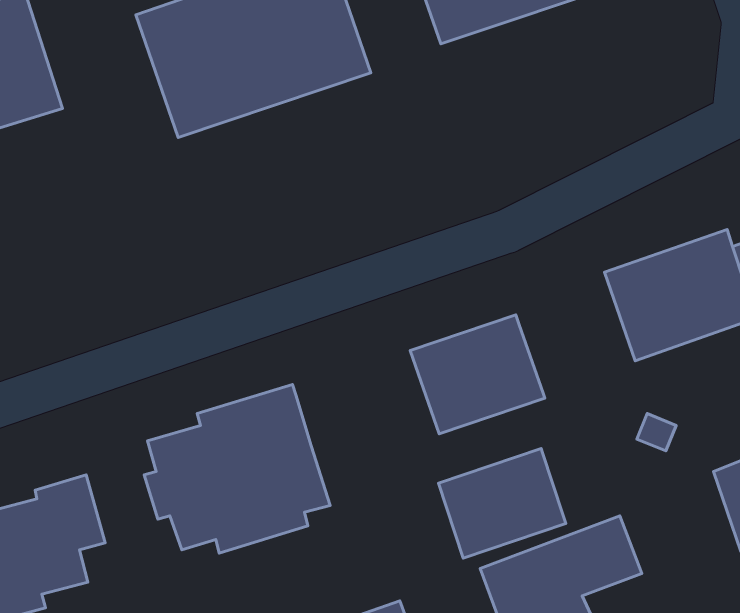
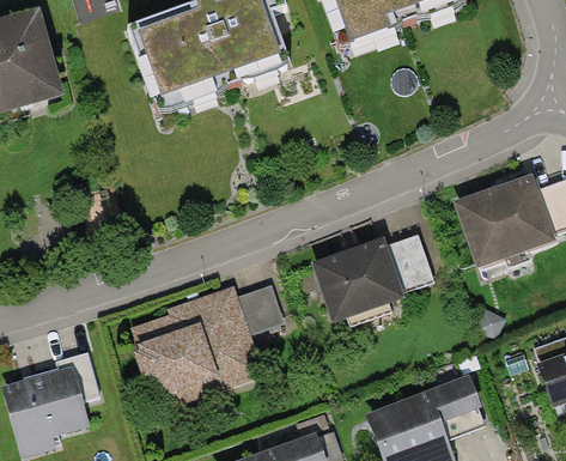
building: none -> [395,232,438,290]
building: none -> [238,281,282,327]
building: [438,448,566,558] -> none

